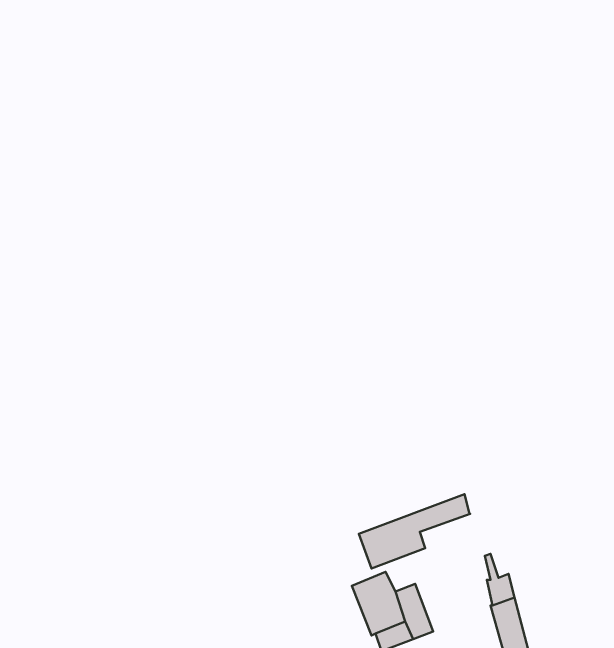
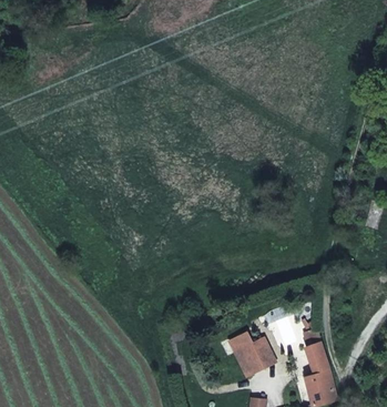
building: [359,494,470,568] -> none

